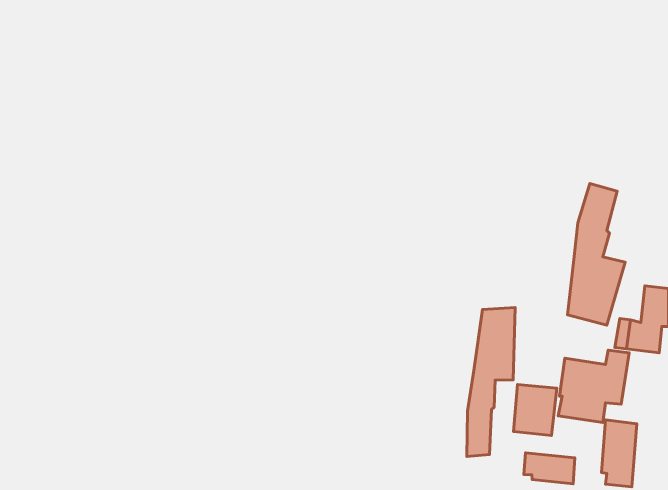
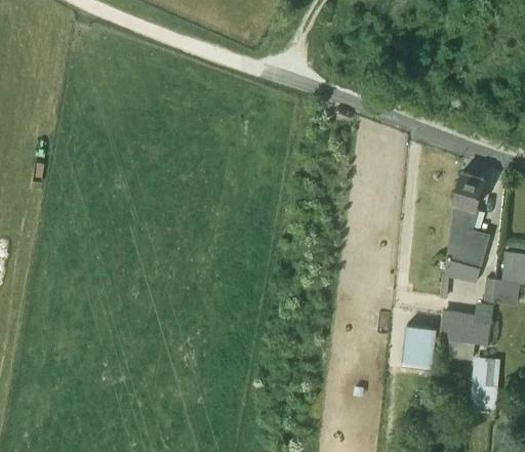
building: [467,307,515,456] -> none
building: [524,453,575,484] -> none

